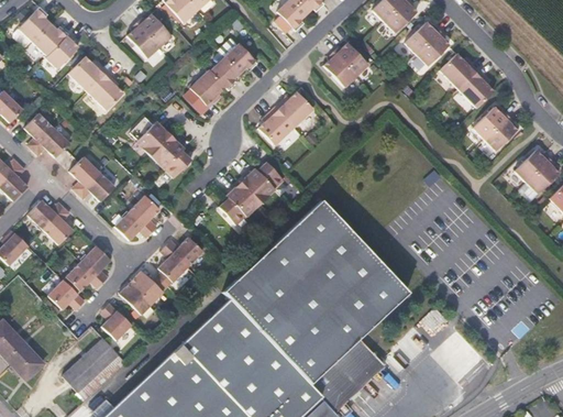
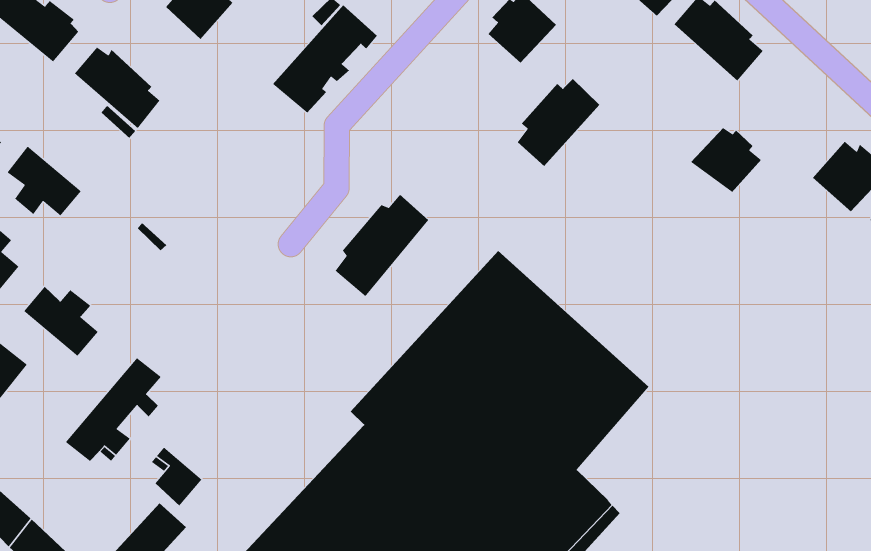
building: [262,94,314,146] -> [517,78,600,167]
building: [475,109,519,150] -> [690,127,762,193]
building: [140,120,195,176] -> none
building: [69,158,114,202] -> none
building: [114,198,158,242] -> none
building: [118,239,200,316] -> none

